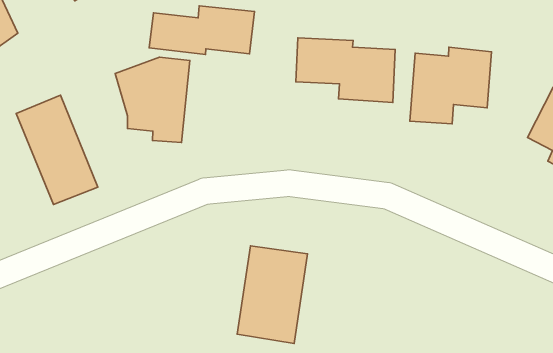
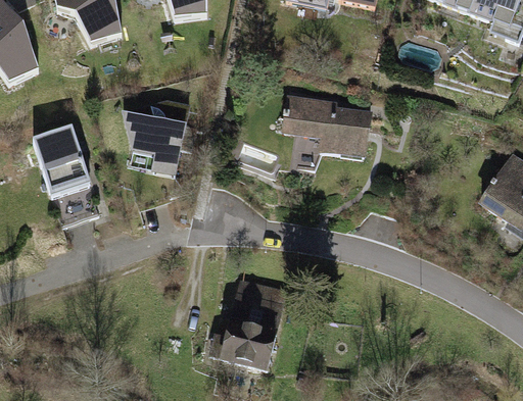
building: [149,6,255,55] -> none
building: [410,47,492,124] -> none

